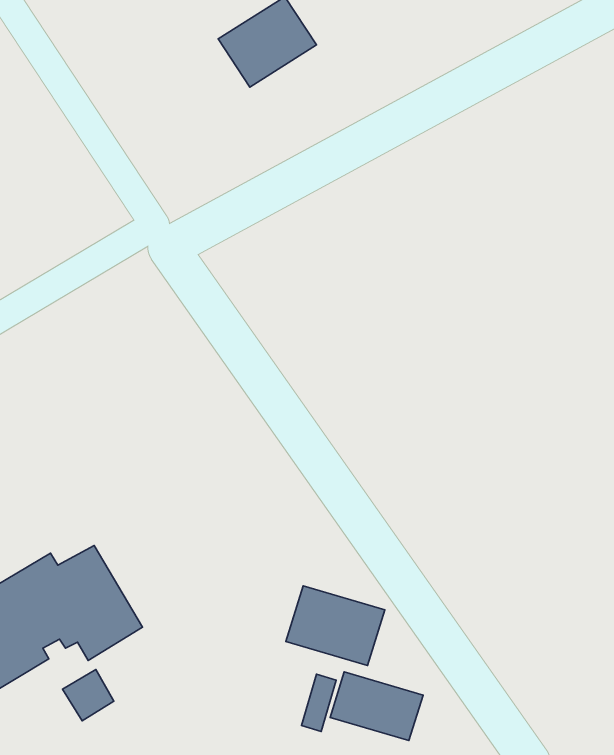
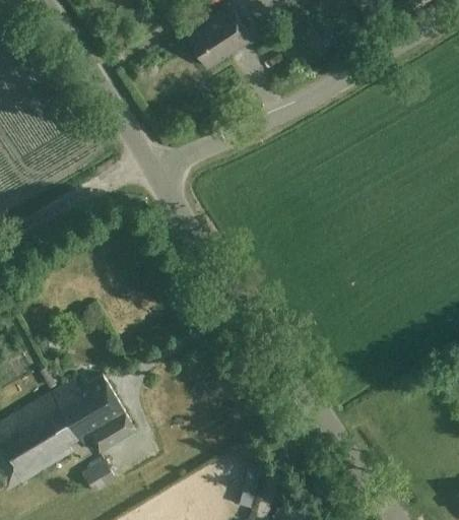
building: [286,586,385,666] -> none
building: [330,672,423,741] -> none

